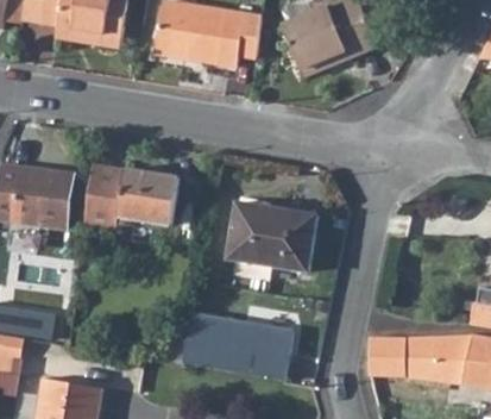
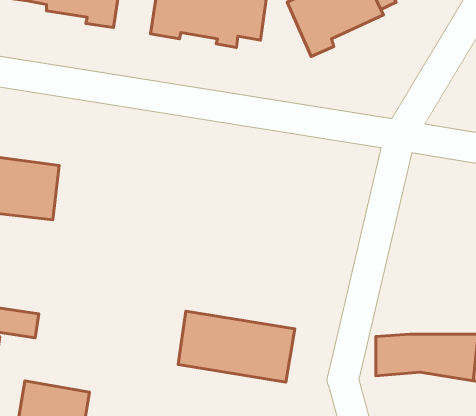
building: [86,167,180,229] -> none
building: [231,202,319,271] -> none

